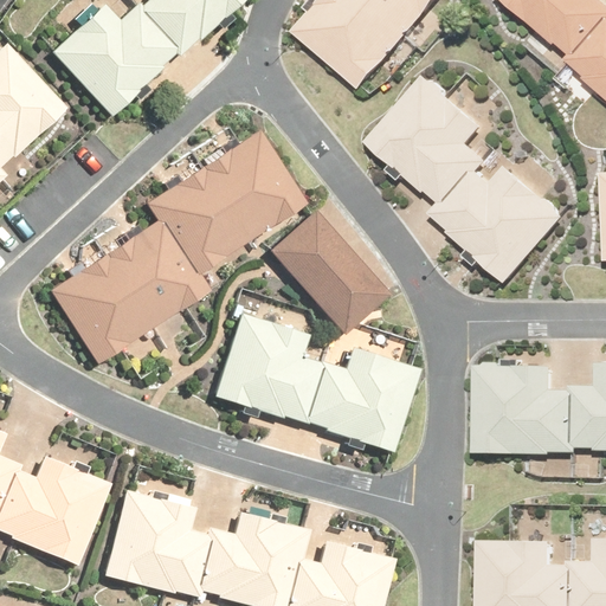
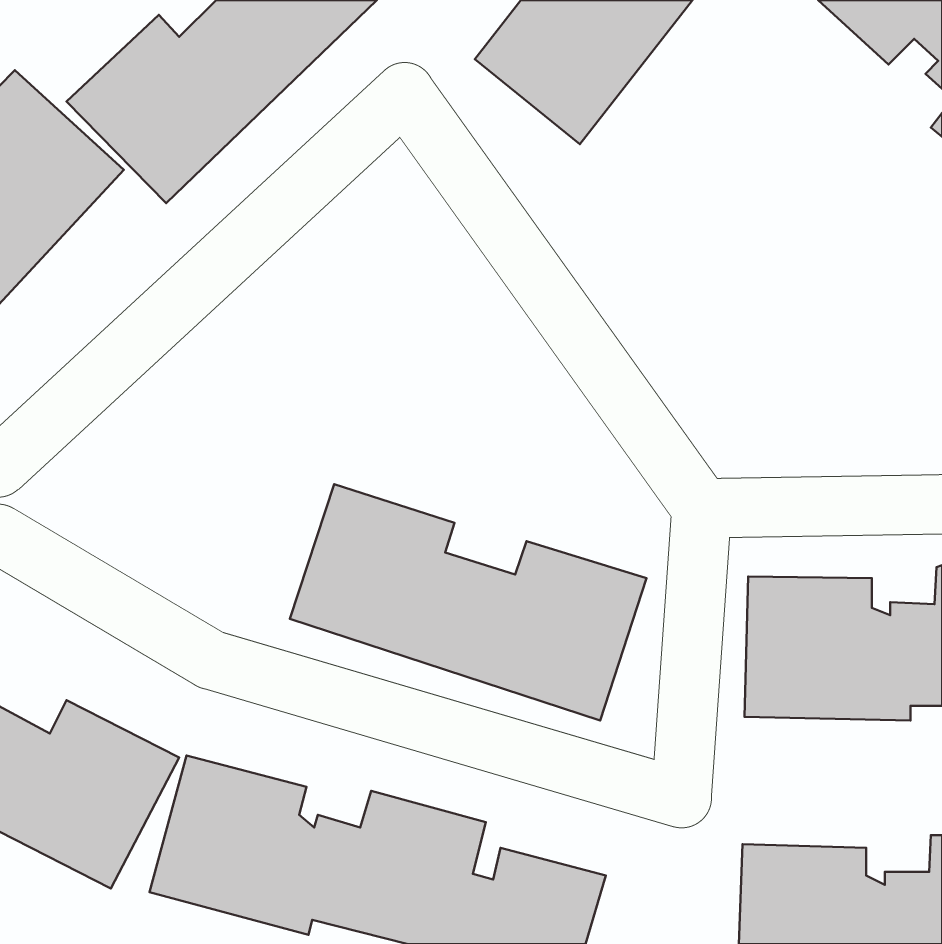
building: [366,77,568,272] -> none
building: [50,130,304,361] -> none
building: [270,208,389,333] -> none

